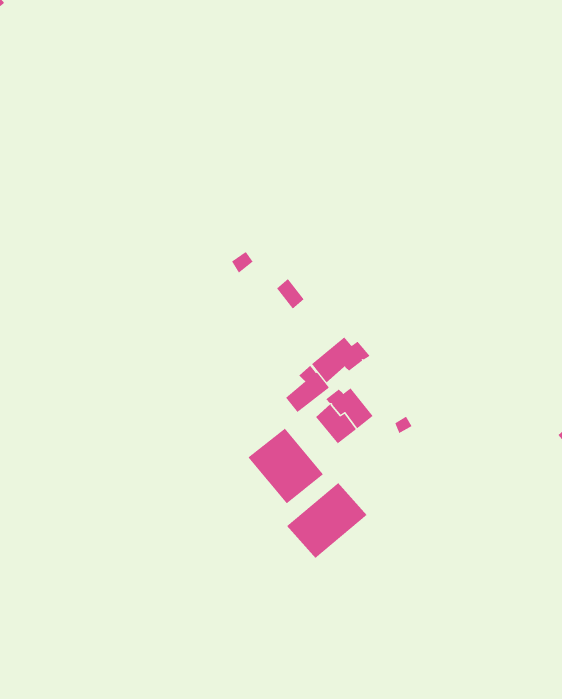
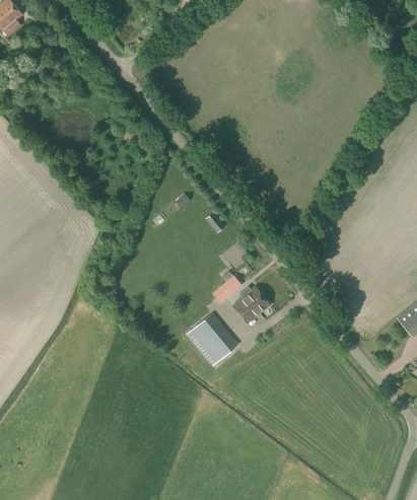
building: [311,336,370,383] -> none
building: [286,482,368,559] -> none

